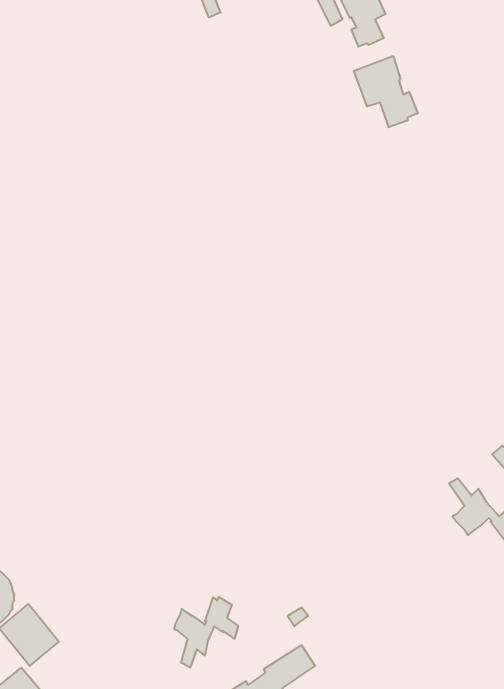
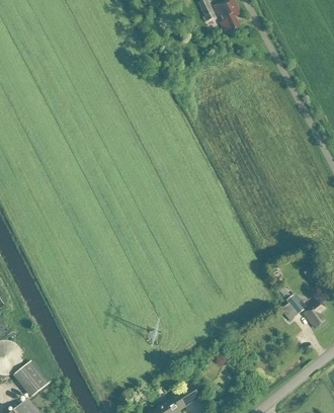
building: [354,56,418,127] -> none
building: [174,597,238,668] -> none

